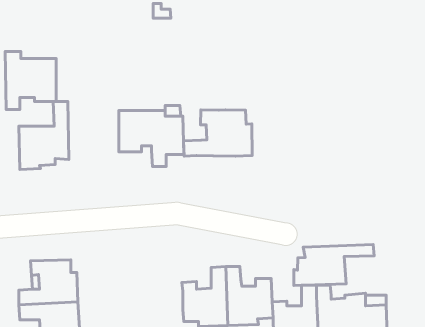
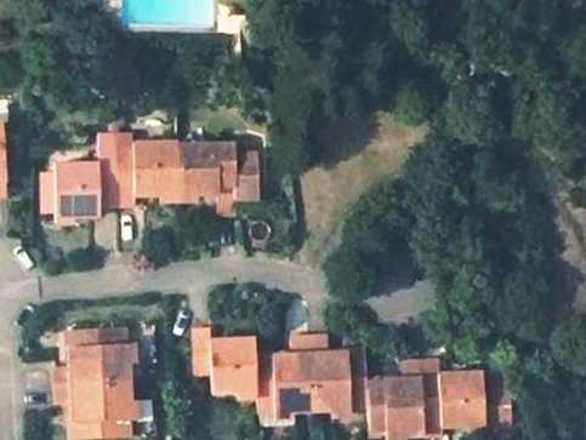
building: [5,51,56,109] -> [114,135,177,206]
building: [183,110,252,156] -> none
building: [294,244,374,286] -> none
building: none -> [192,331,256,393]

